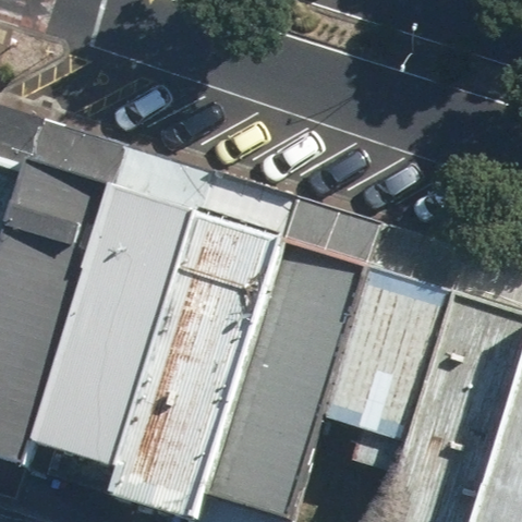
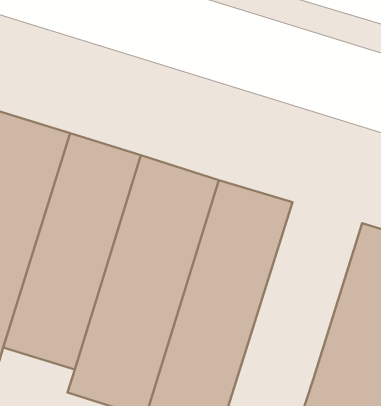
building: [327,262,457,471] -> none

